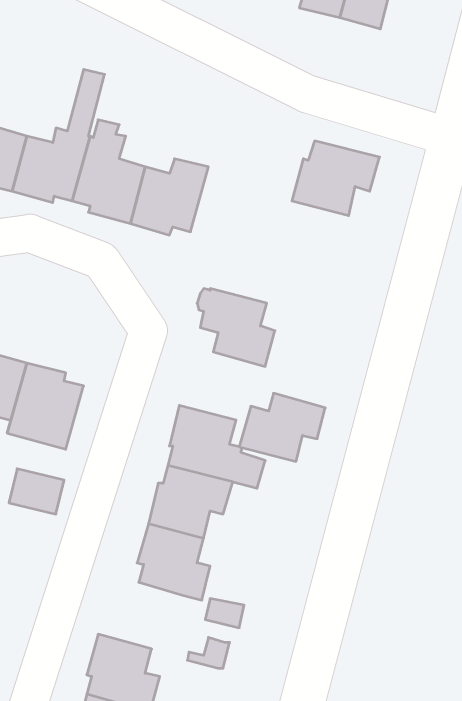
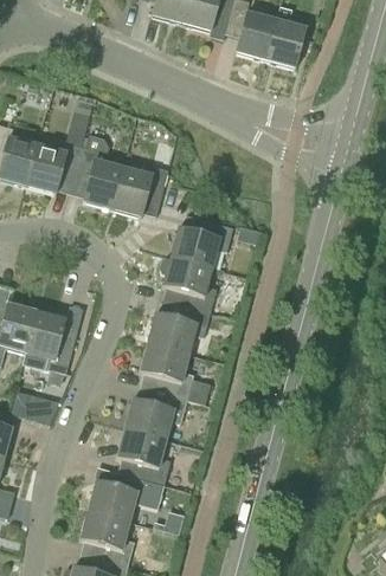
building: [292,141,380,216] -> [169,213,233,267]
building: [239,393,325,461] -> [147,303,210,352]
building: none -> [88,471,149,519]

